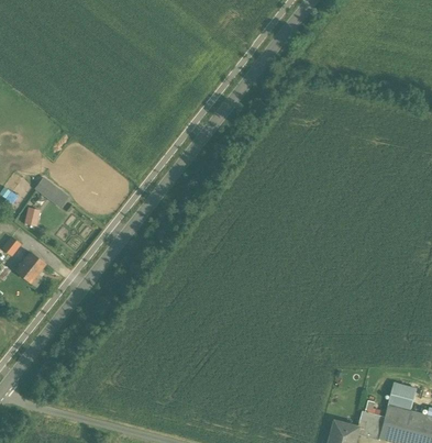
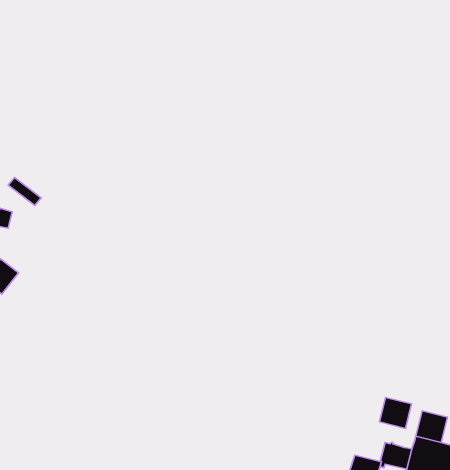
building: none -> [379,397,412,428]

